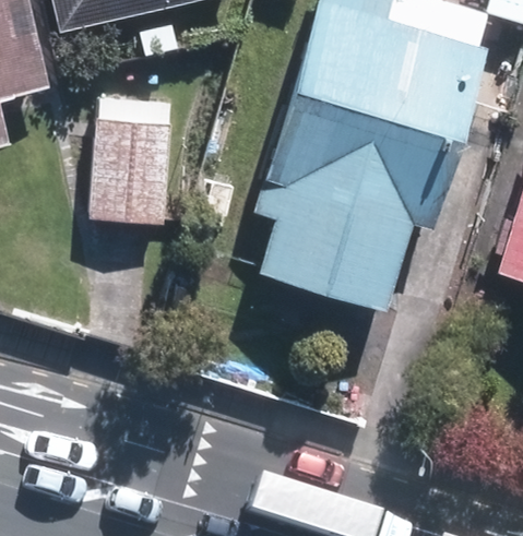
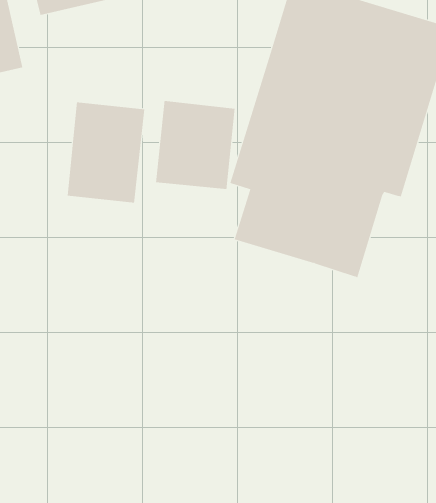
building: none -> [156,100,235,190]

